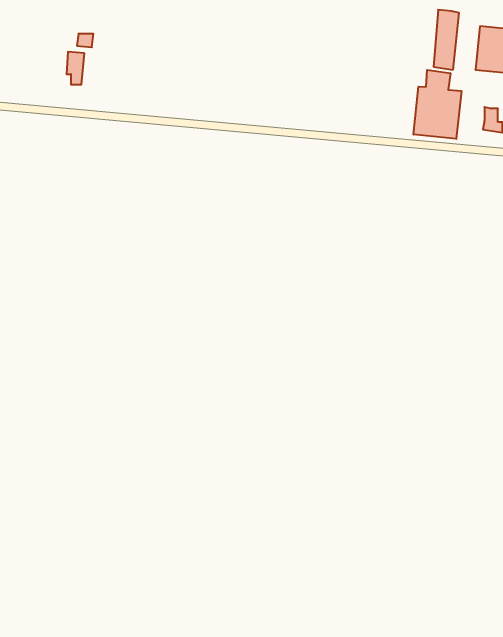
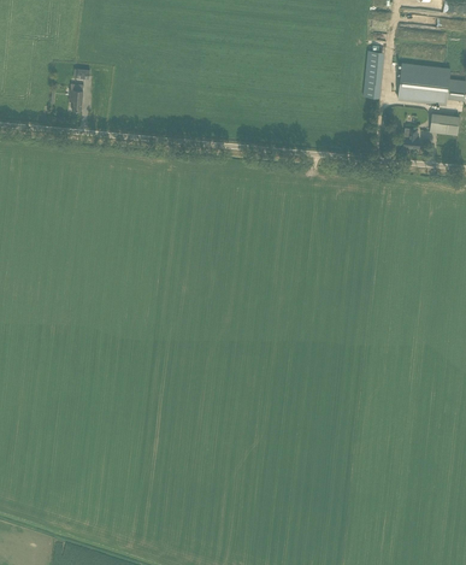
building: [414,70,461,139] -> none

